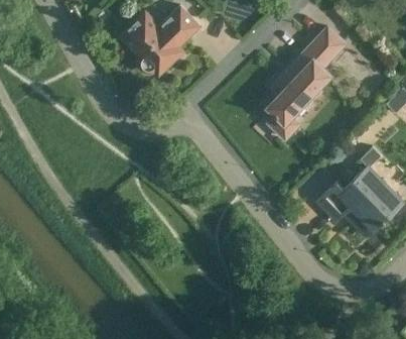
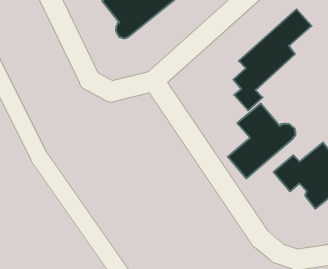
building: none -> [228,103,295,178]

